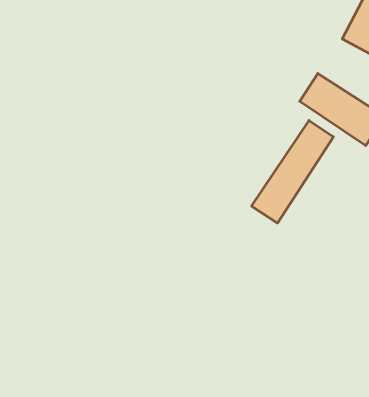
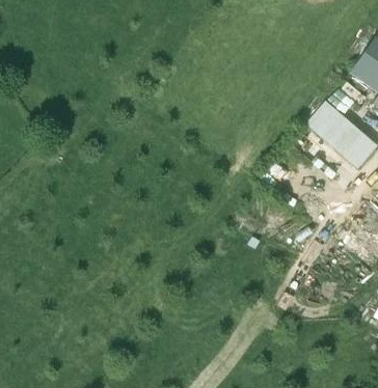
building: [252,120,333,223] -> none

